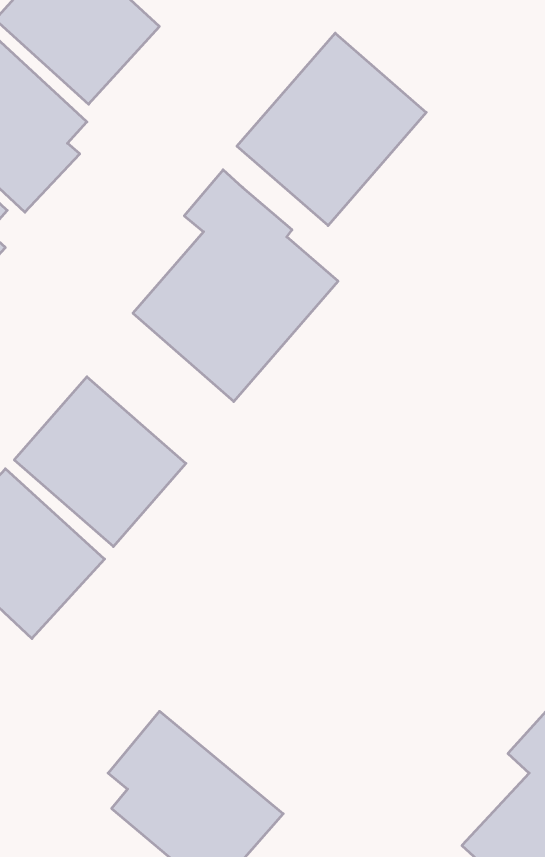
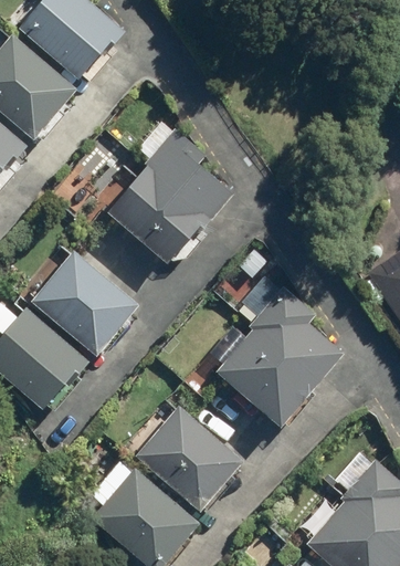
building: [237,33,426,226] -> none
building: none -> [215,286,343,424]
building: none -> [136,408,242,511]

